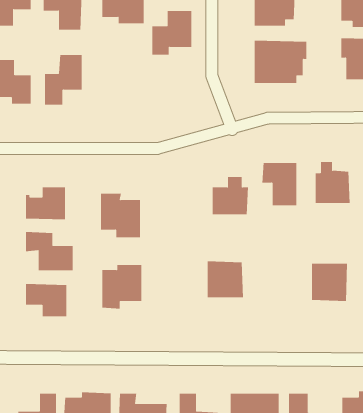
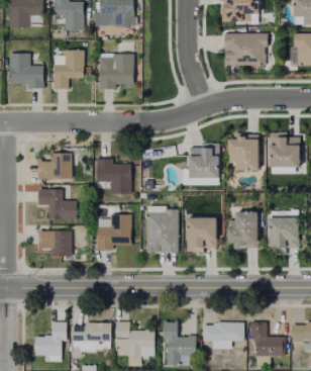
building: [152,10,192,55] -> [102,54,134,89]
building: none -> [144,204,175,248]
building: none -> [225,209,253,244]

